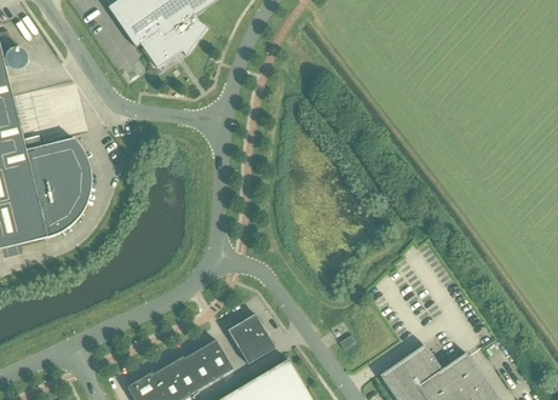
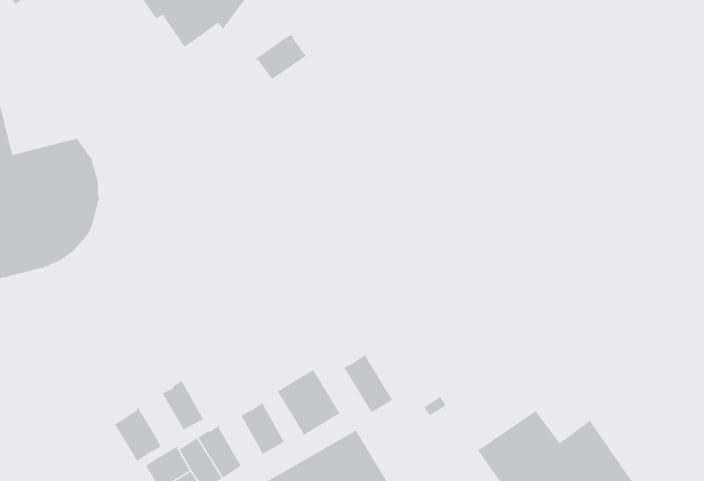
building: none -> [254,34,307,80]
building: none -> [343,354,393,413]
building: none -> [114,407,162,462]
building: [183,348,215,387] -> [161,380,204,431]

